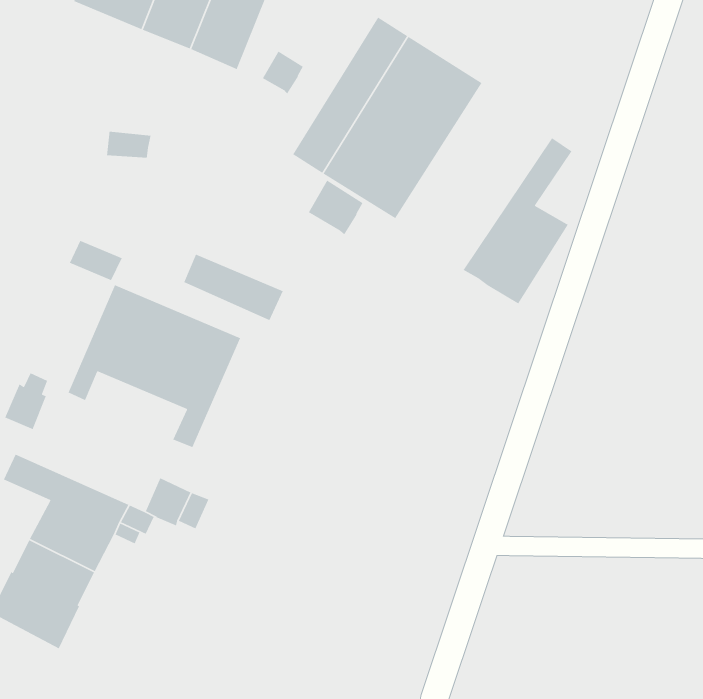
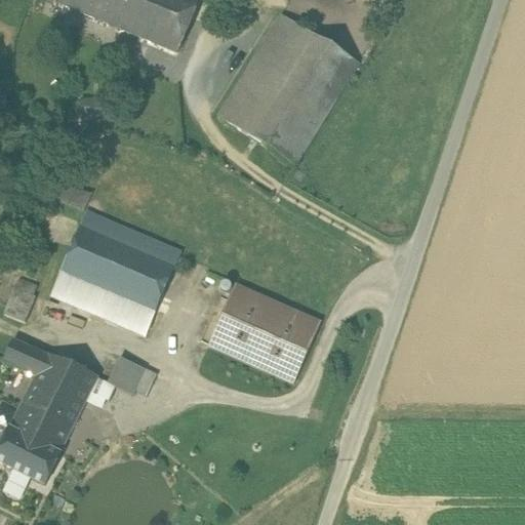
building: [262,50,304,94] -> none
building: [462,137,573,304] -> none
building: [308,180,364,235] -> none
building: [183,253,284,321] -> [64,277,138,327]
building: none -> [207,283,320,381]

